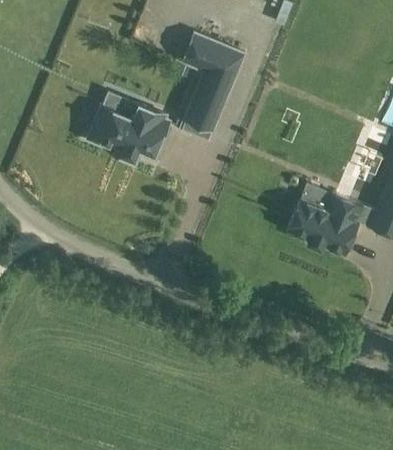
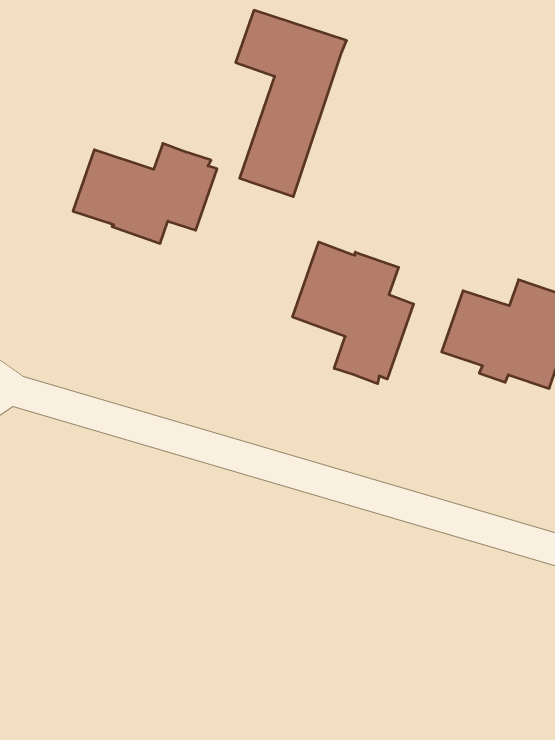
building: none -> [293,242,414,384]

